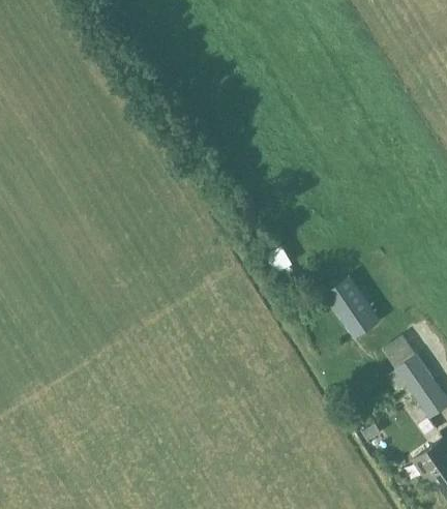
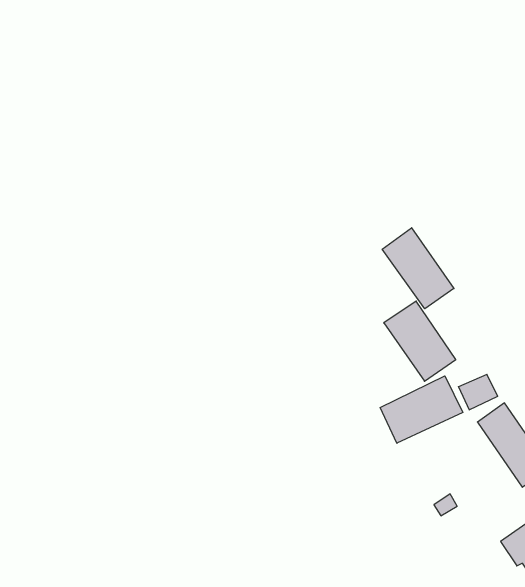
building: none -> [382,228,454,309]
building: none -> [380,376,463,443]

